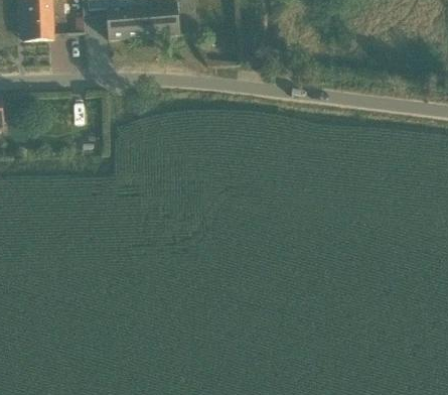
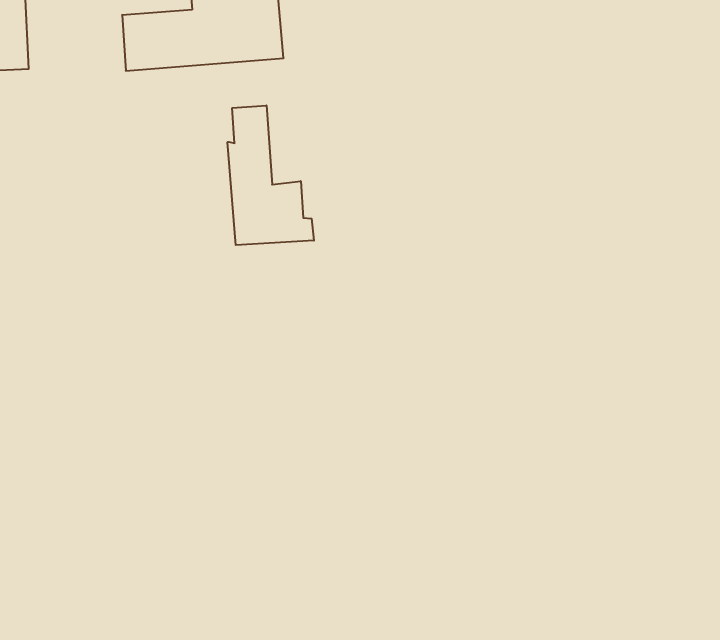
building: none -> [228,105,314,245]

